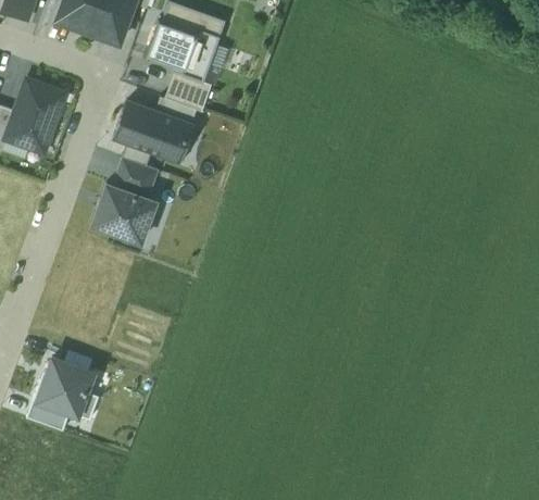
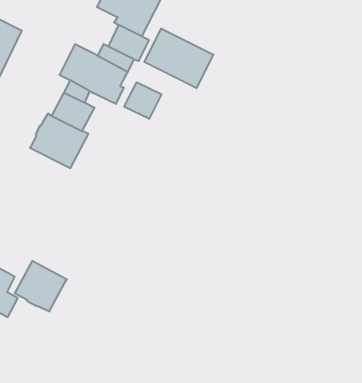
building: none -> [144,28,213,88]
building: none -> [124,82,162,119]
building: none -> [15,261,67,312]

